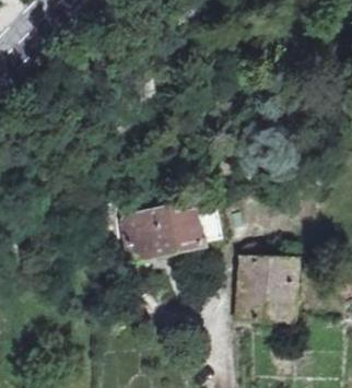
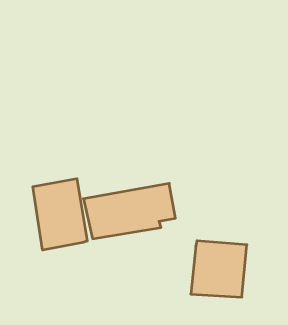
building: none -> [33,179,87,250]

